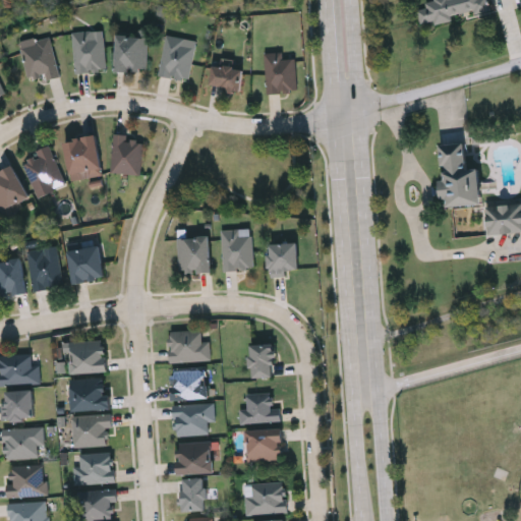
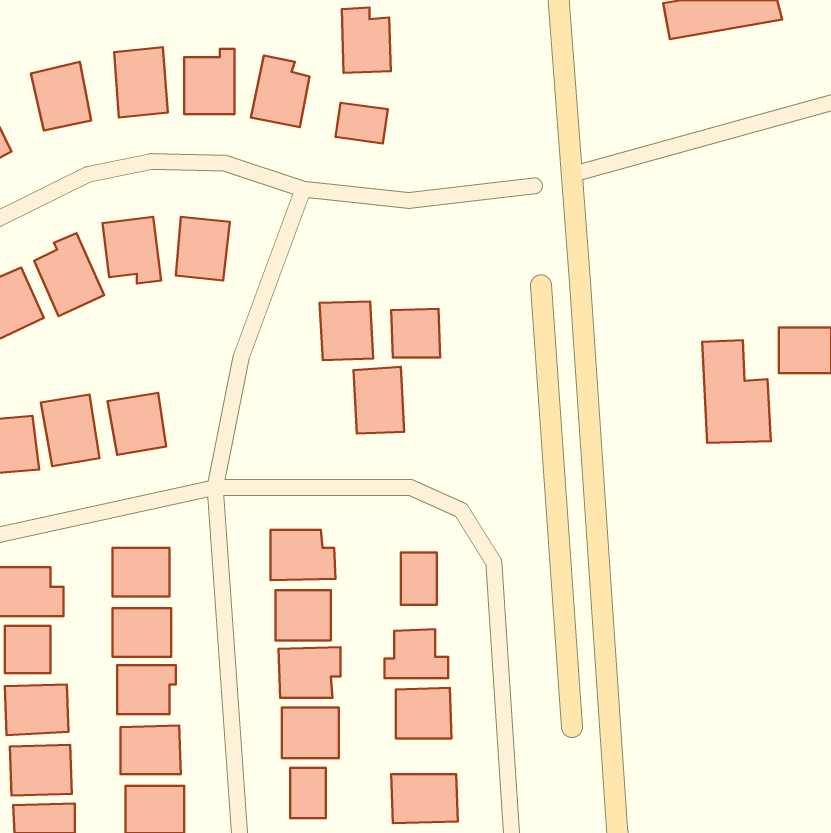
building: [265,52,295,93] -> [342,8,391,73]
building: [439,142,481,207] -> [702,340,771,443]
building: [177,237,211,274] -> [320,301,373,360]
building: [268,243,298,274] -> [391,309,440,358]

